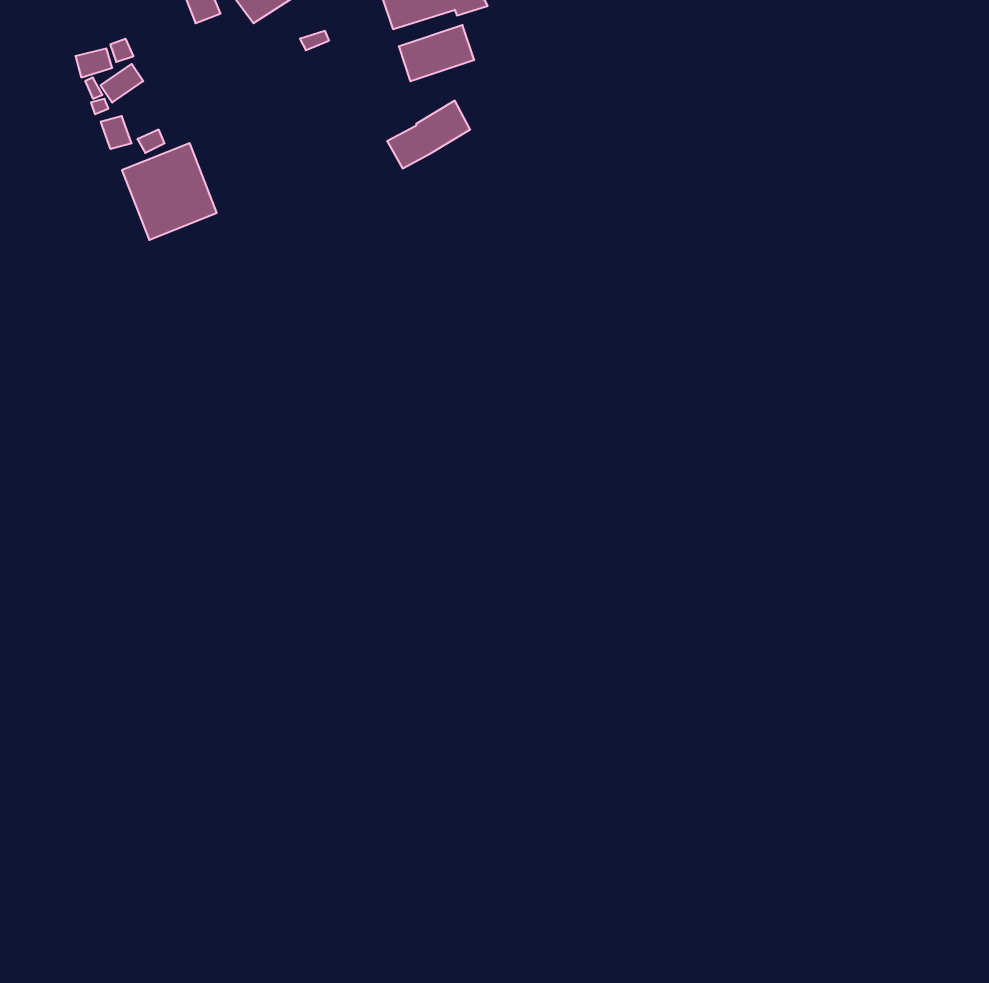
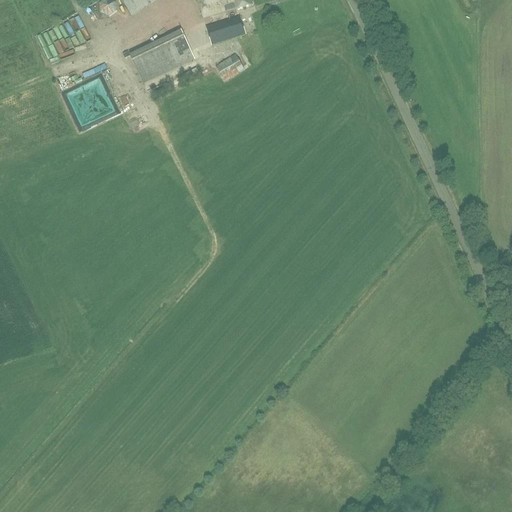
building: none -> [130,28,194,81]

